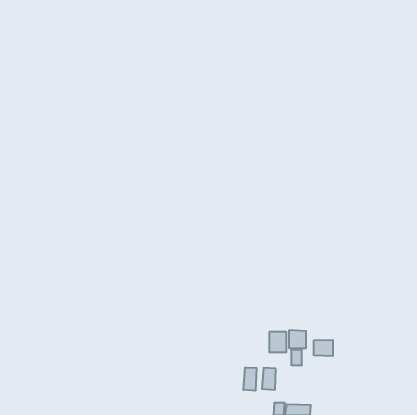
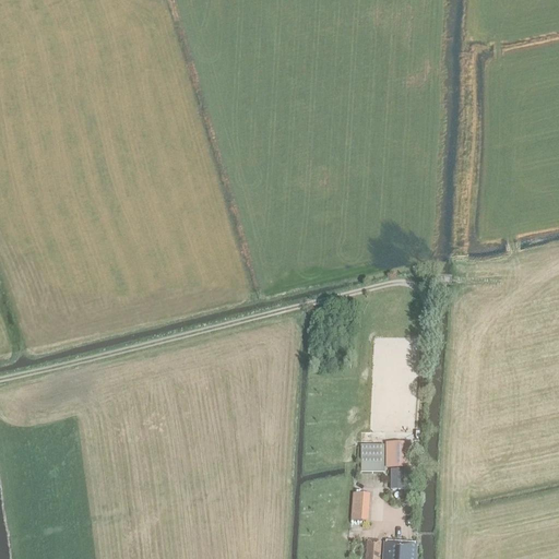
building: [314,340,333,356] -> none
building: [243,367,257,391] -> none

